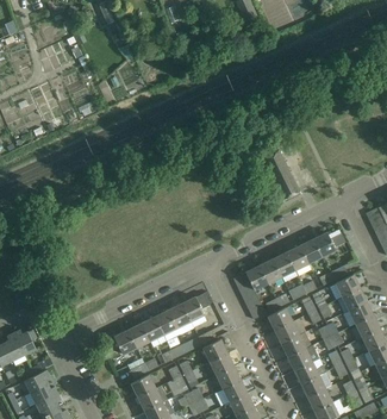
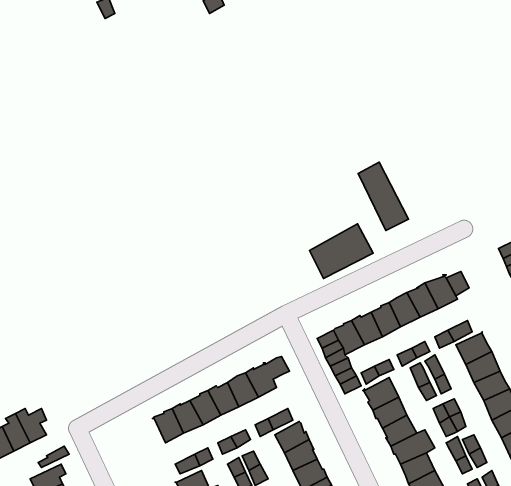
building: none -> [309,224,373,279]

